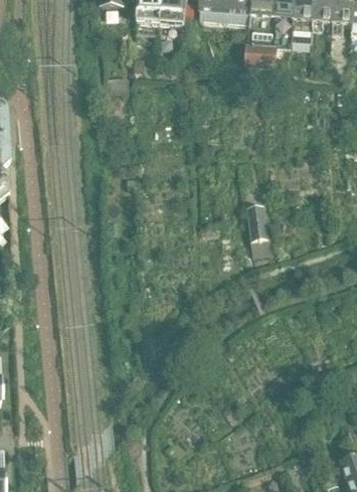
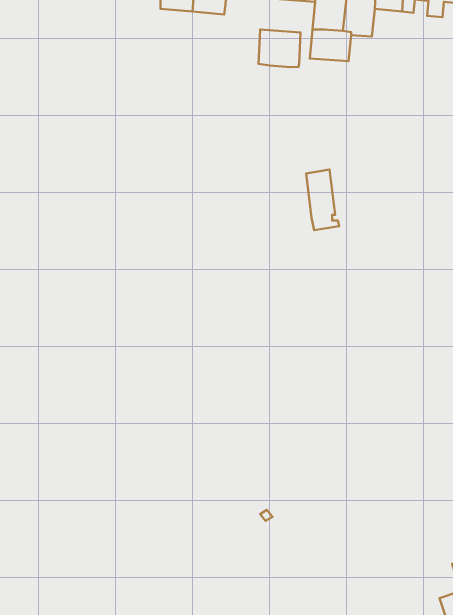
building: none -> [258,30,300,67]
building: [245,201,270,245] -> [306,169,339,230]

